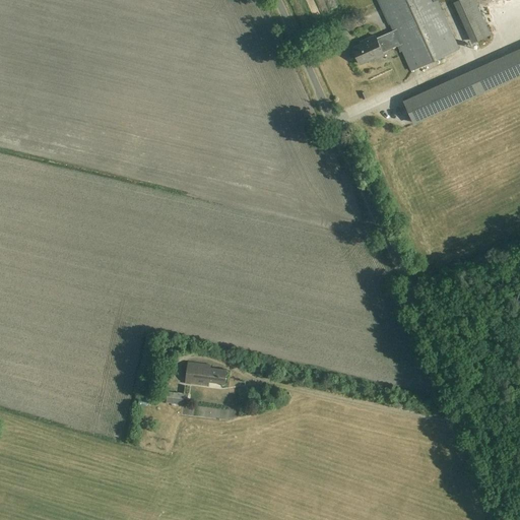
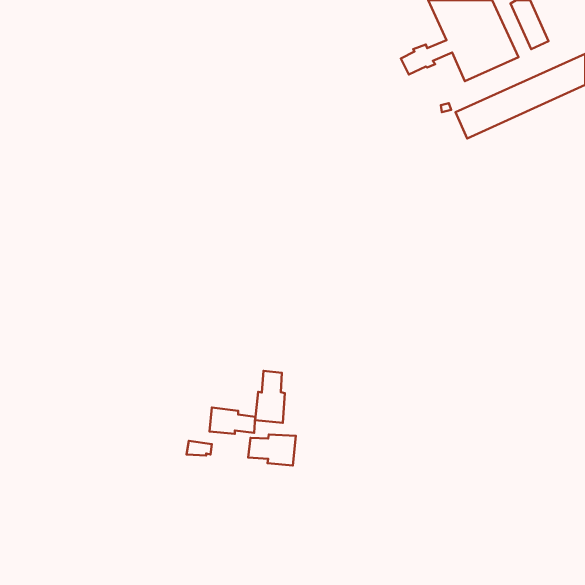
building: none -> [255,371,285,423]
building: none -> [248,434,296,466]

